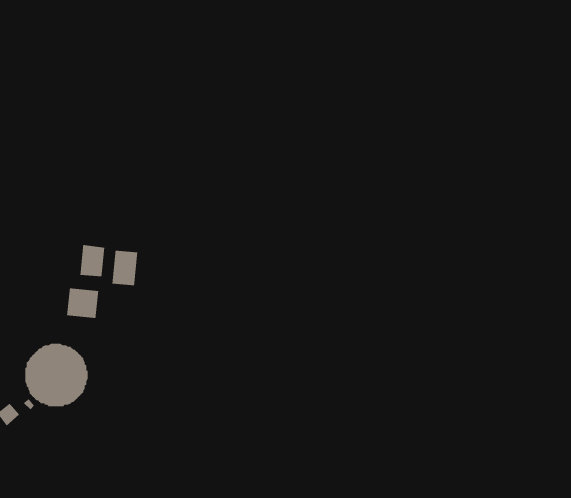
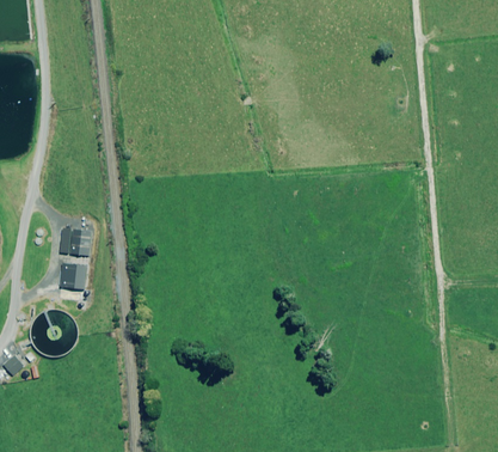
building: [111,250,138,286] -> none

